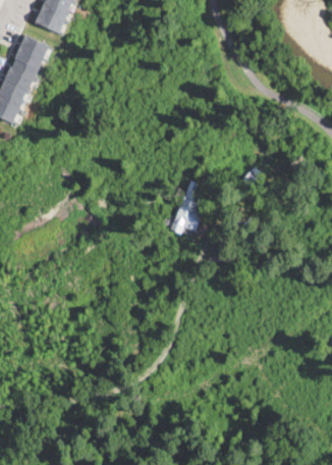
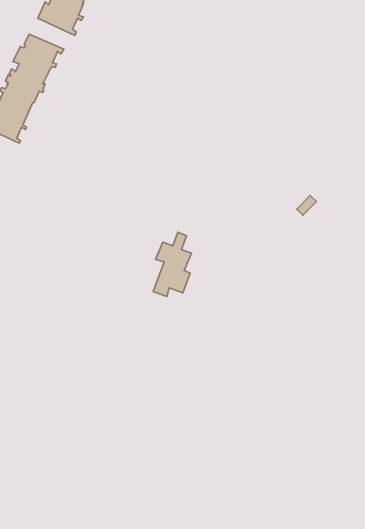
building: [170,180,202,234] -> [153,232,191,297]

